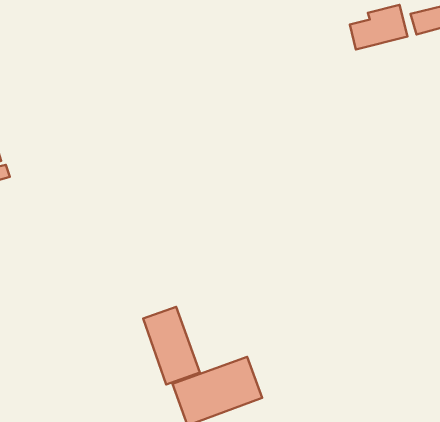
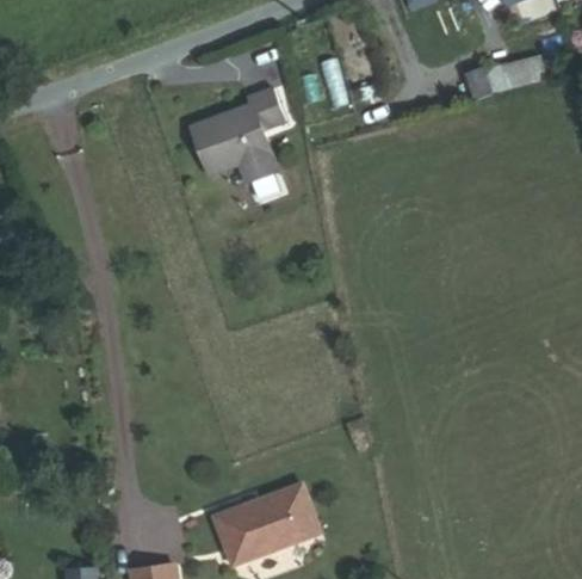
building: none -> [190,93,285,186]
building: [143,307,200,385] -> none

